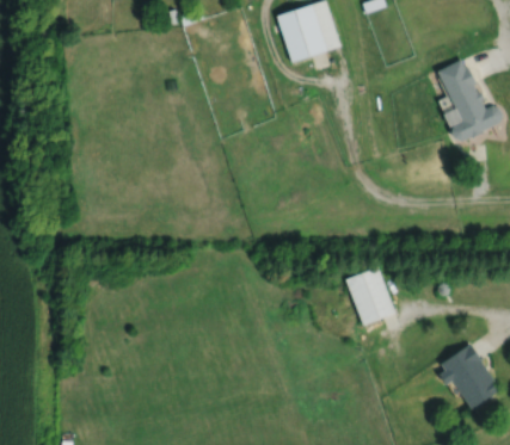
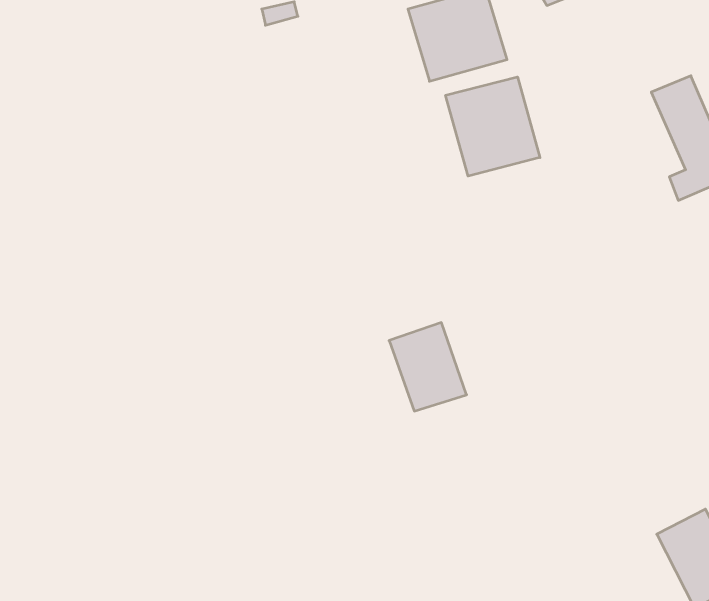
building: none -> [446,77,540,176]
building: [344,266,395,325] -> [389,323,467,411]

